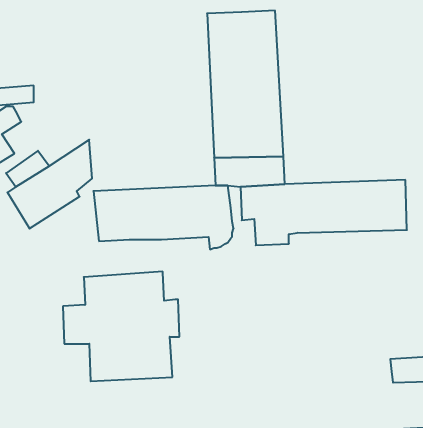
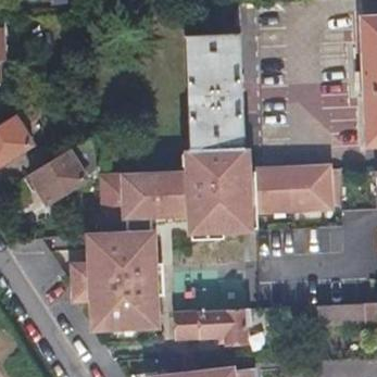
building: none -> [186,169,255,247]
building: none -> [86,212,159,260]
building: none -> [175,310,250,345]

